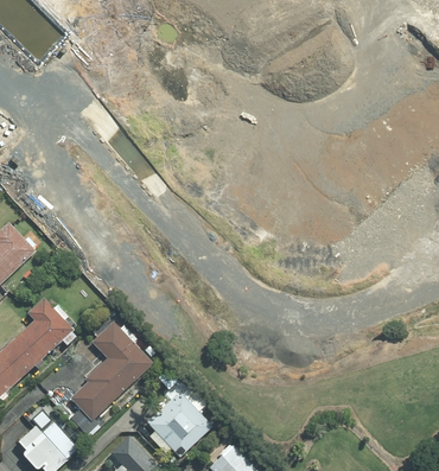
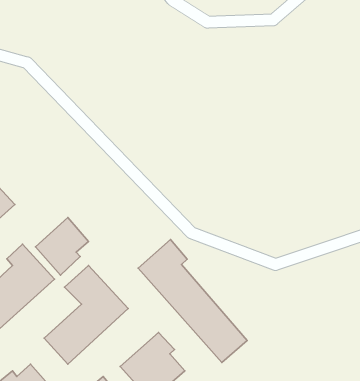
building: none -> [35,218,89,275]
building: none -> [138,240,247,363]

